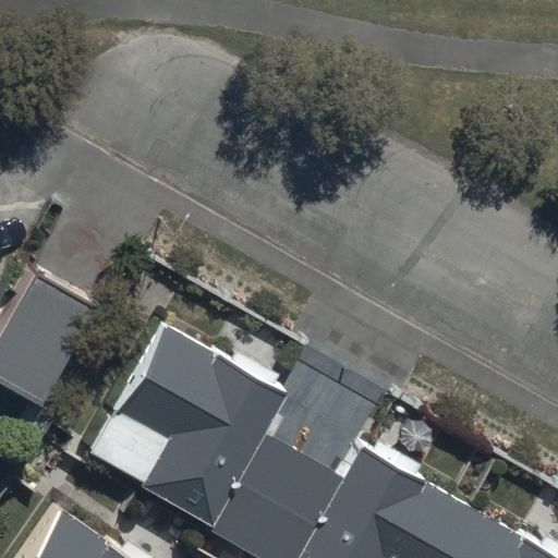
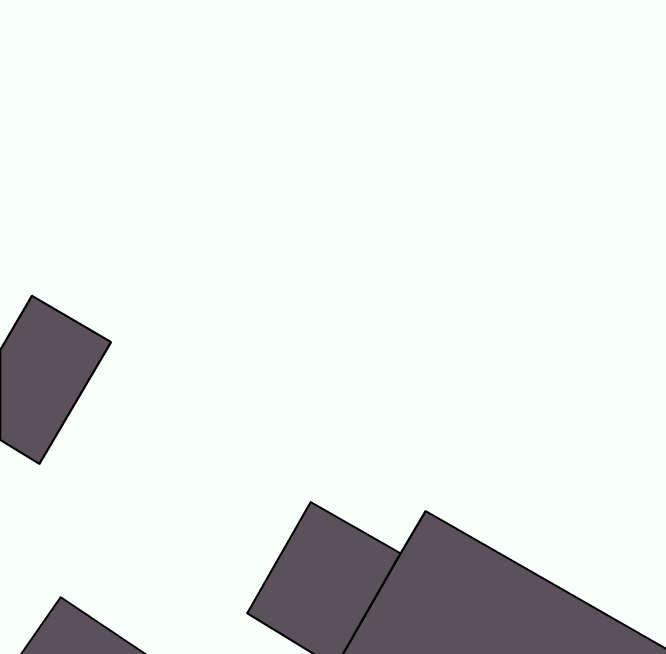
building: [88,323,286,523] -> none

